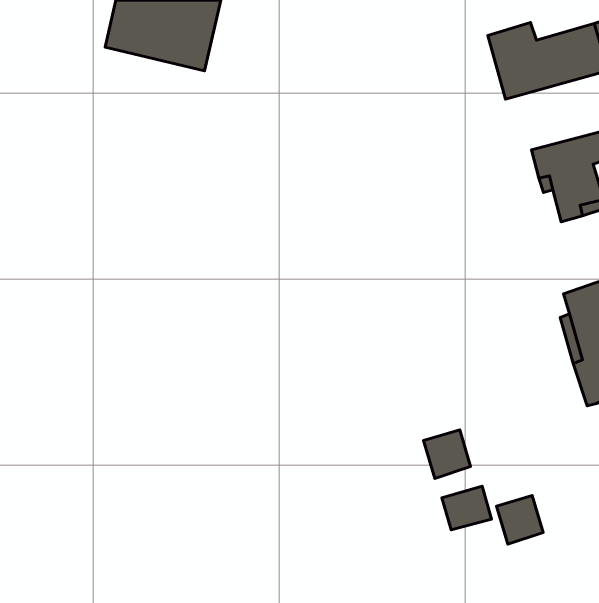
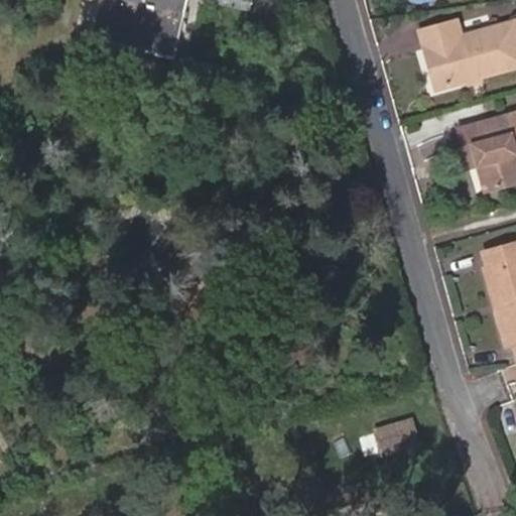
building: [424,430,470,478] -> none
building: [496,495,543,544] -> none

